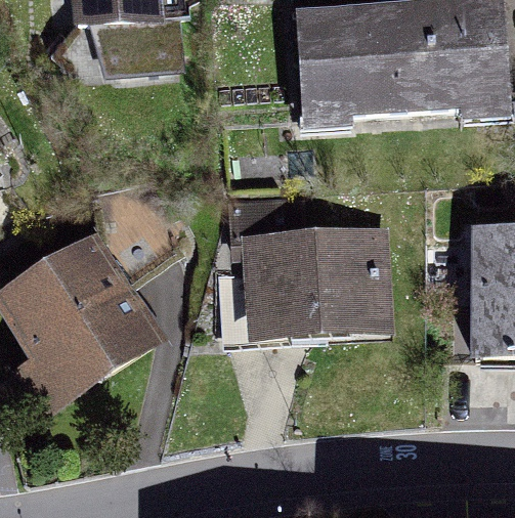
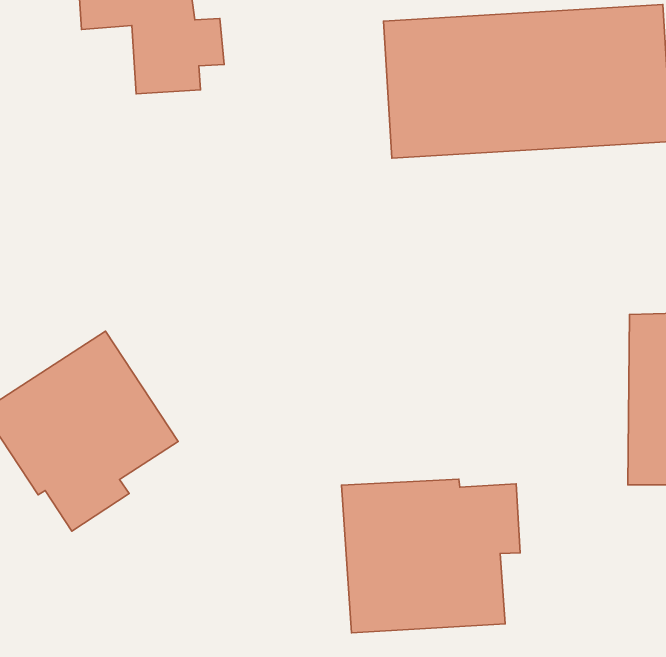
building: [222,200,383,332] -> none
building: none -> [342,479,520,633]

